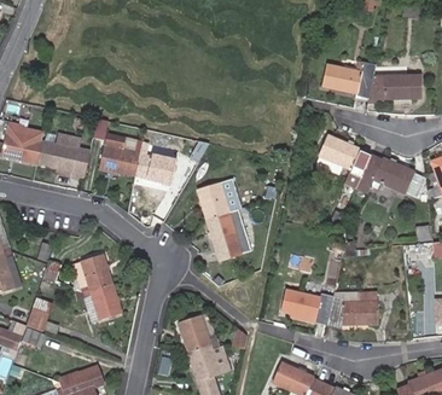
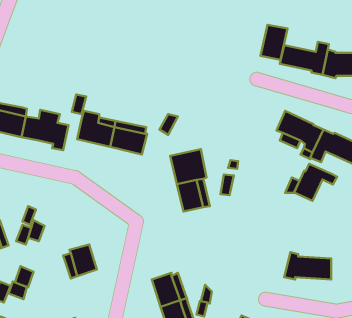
building: none -> [261,25,287,60]
building: none -> [294,164,337,201]
building: [72,252,111,291] -> none
building: [281,286,333,319] -> none

